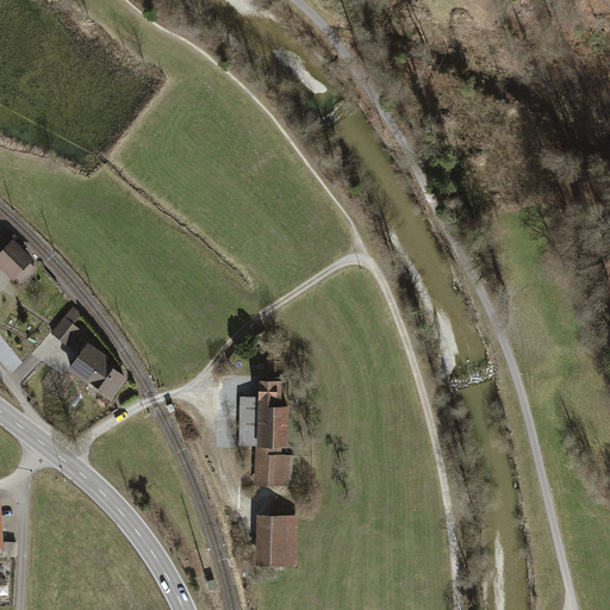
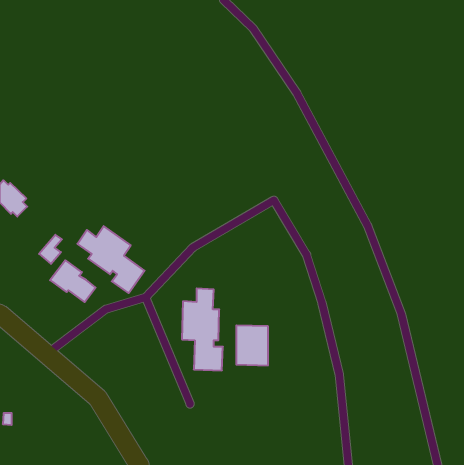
building: none -> [77,226,145,293]
building: [255,513,297,566] -> [236,325,268,365]

